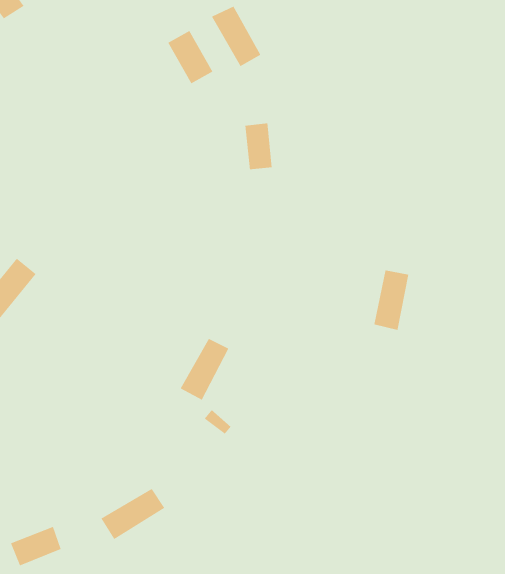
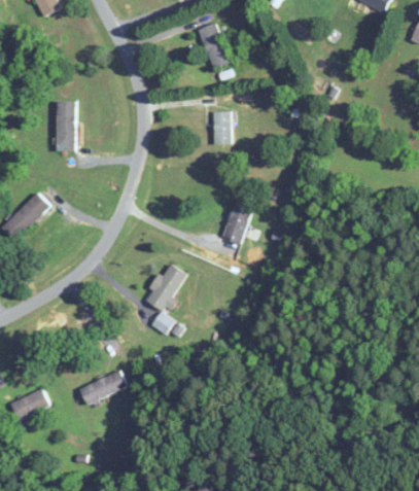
building: [168,30,213,84] -> none
building: none -> [57,101,75,150]
building: [374,270,409,330] -> [222,198,252,243]

